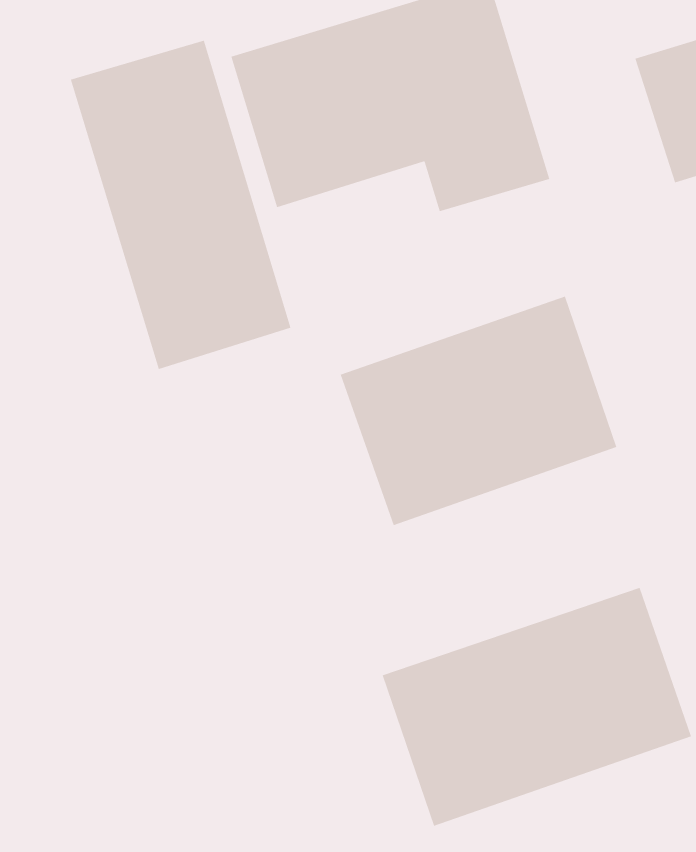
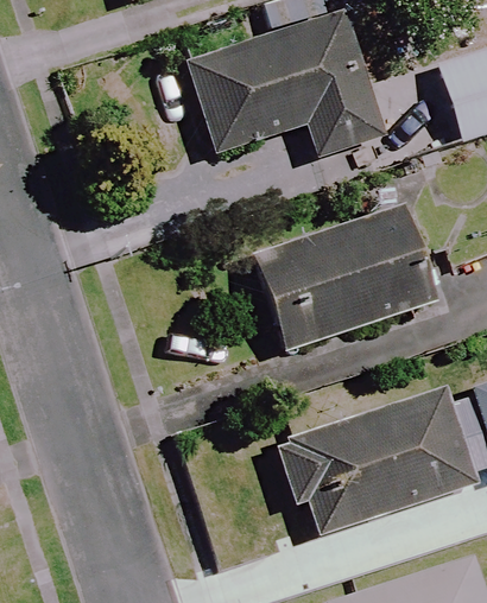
building: [70,40,291,370] -> none

